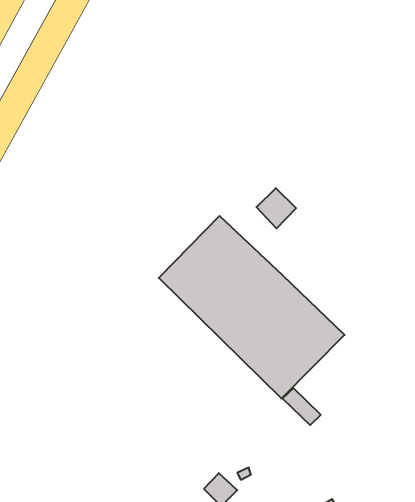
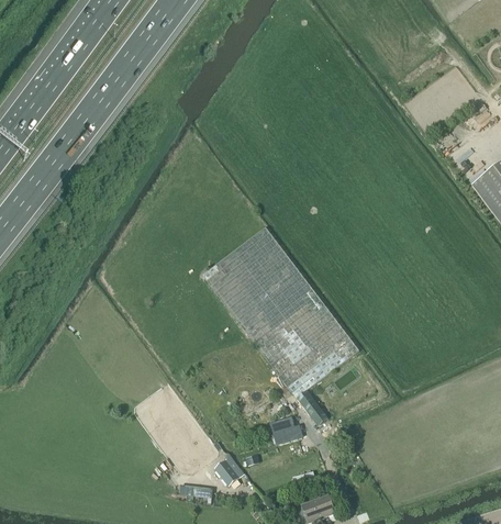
building: [256,188,296,228] -> none
building: none -> [270,416,302,443]

